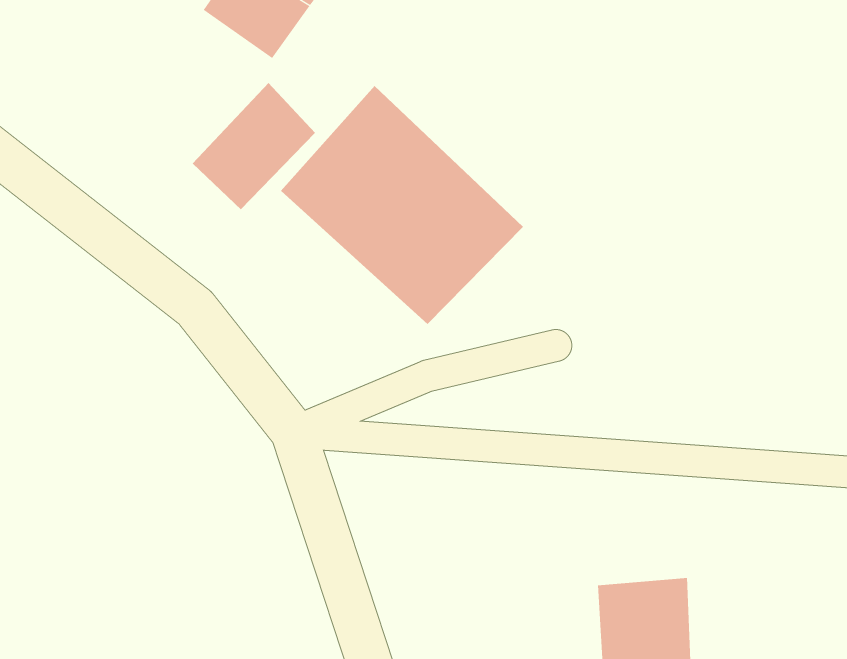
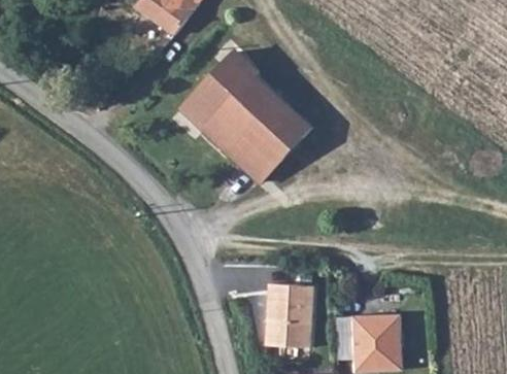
building: [192,82,316,210] -> none
building: none -> [267,285,318,350]

